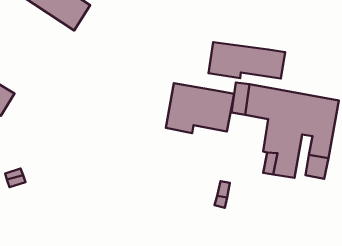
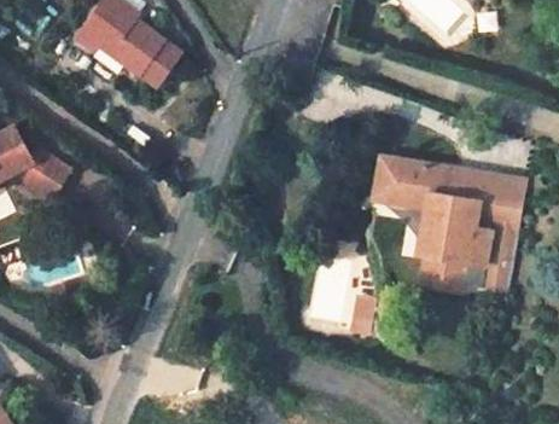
building: [209,42,285,78] -> none
building: [166,83,234,133] -> none

